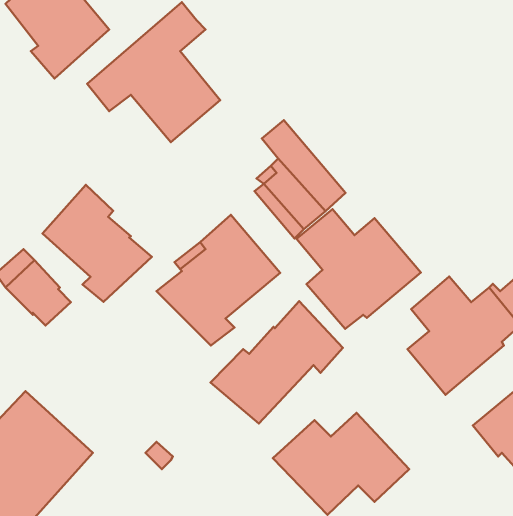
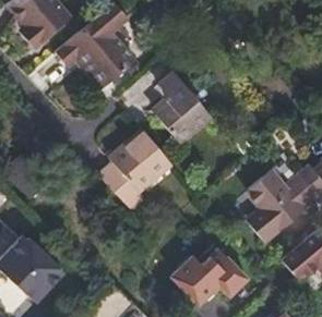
building: [42,185,152,302] -> none
building: [297,209,421,329] -> none
building: [211,301,343,423] -> none

